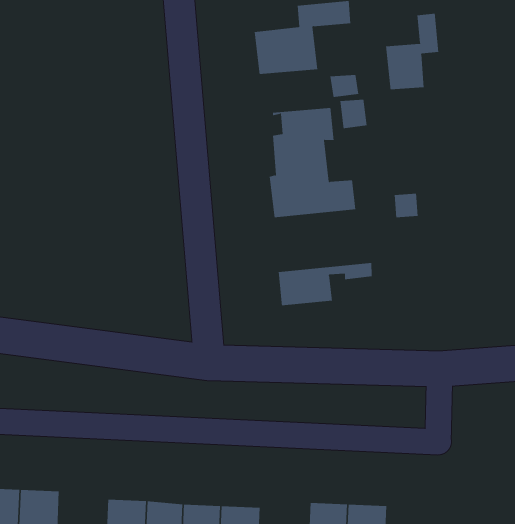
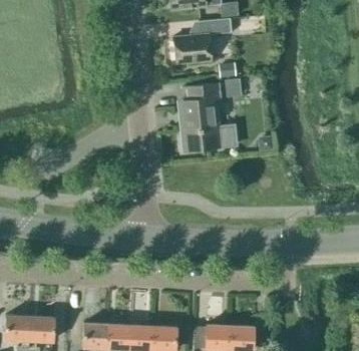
building: [385,13,439,90] -> none
building: [278,262,372,306] -> none

